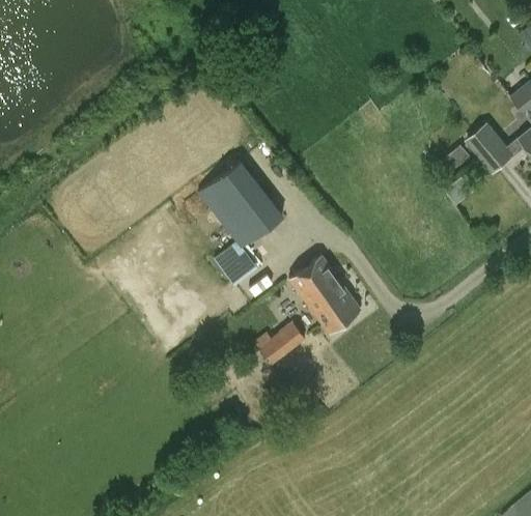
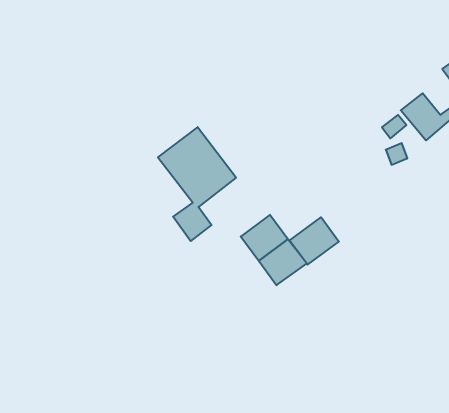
building: none -> [289,217,339,265]
building: [258,322,305,365] -> none

